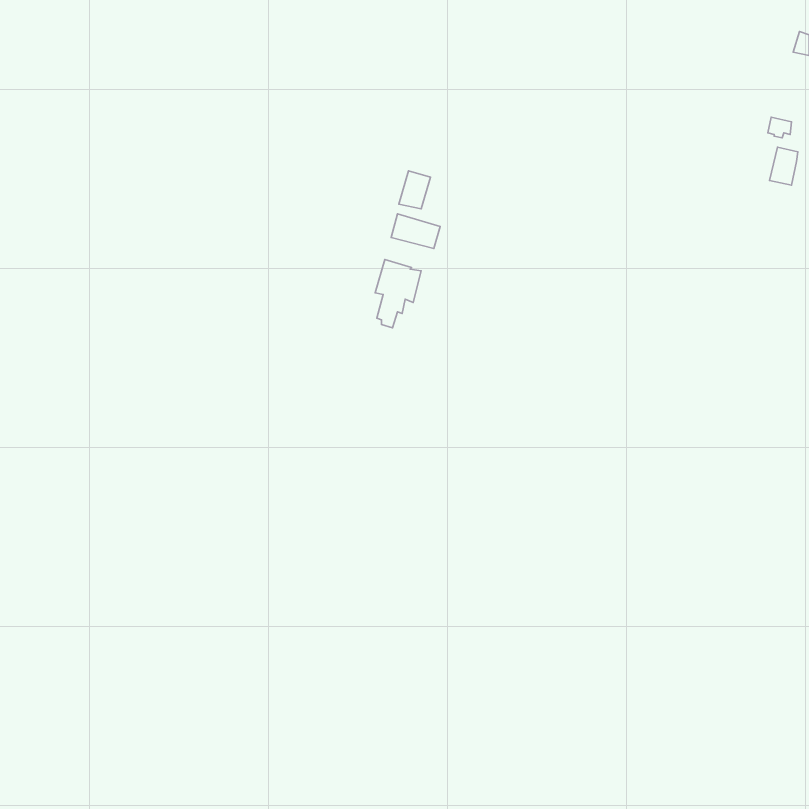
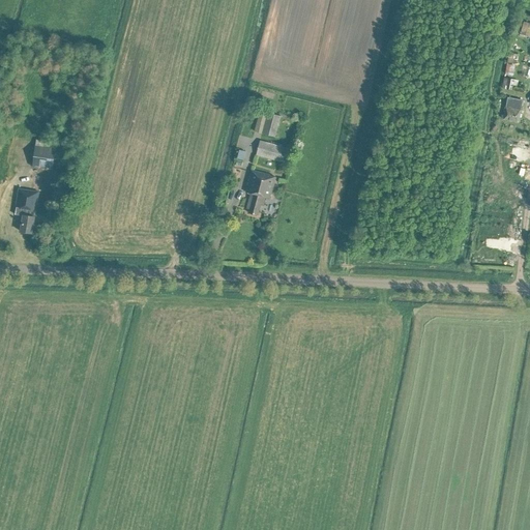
building: none -> [32,139,56,169]
building: none -> [14,188,38,233]

